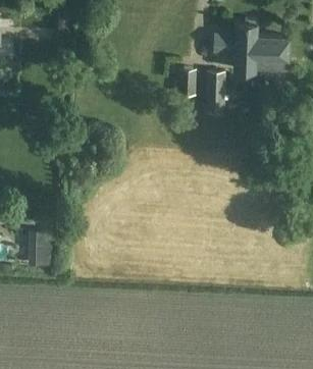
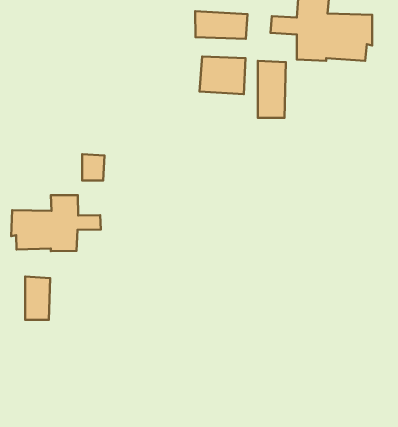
building: none -> [195,11,248,39]
building: none -> [11,195,101,251]

